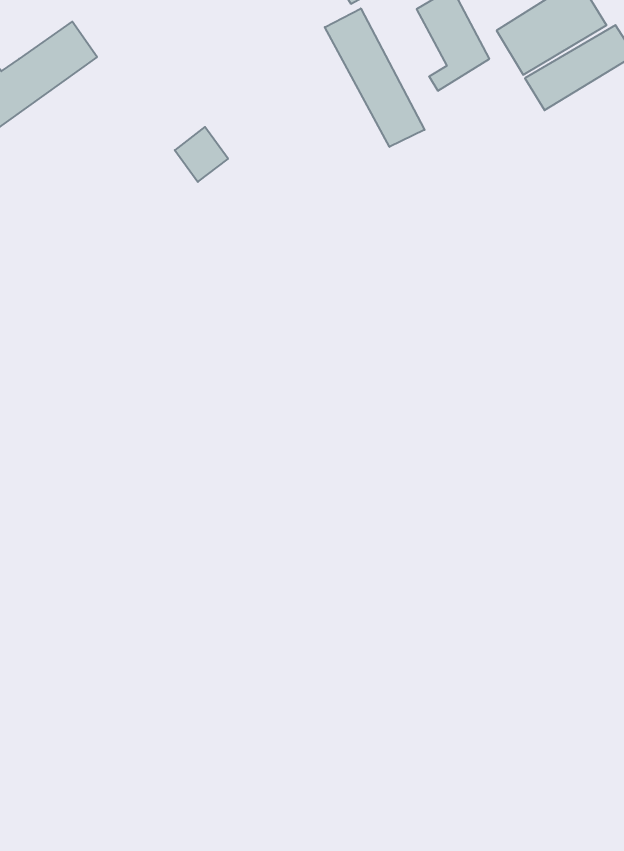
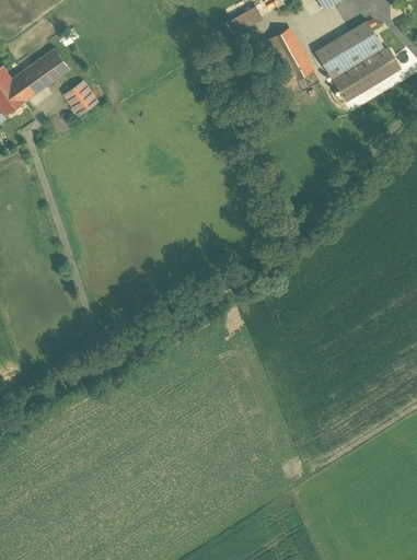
building: [325,8,425,147] -> none
building: [175,127,228,182] -> [66,80,99,114]

